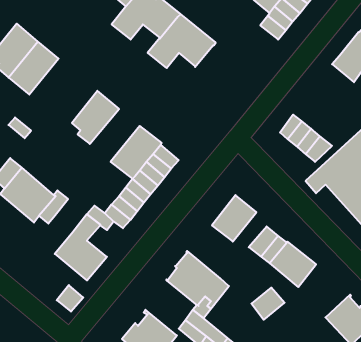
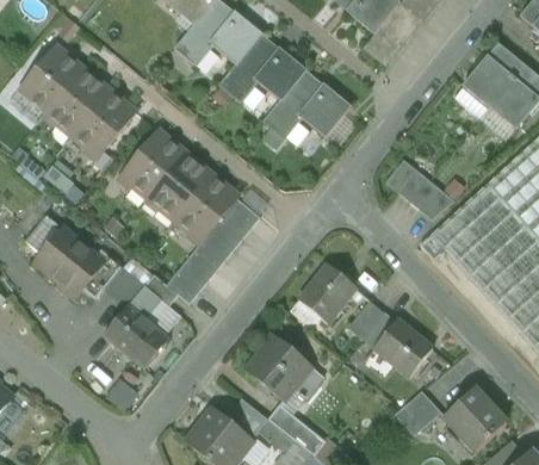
building: none -> [264,69,352,140]
building: none -> [72,89,136,153]
building: none -> [148,153,211,219]
building: none -> [103,266,144,308]
building: [251,288,285,320] -> [398,391,440,432]

